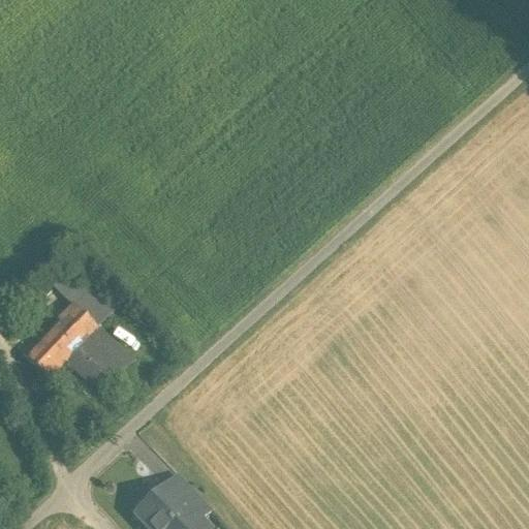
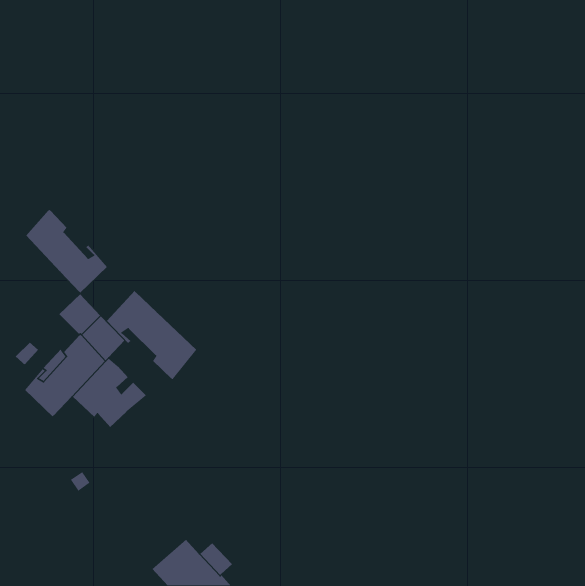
building: none -> [25,209,108,294]
building: none -> [106,290,197,380]

